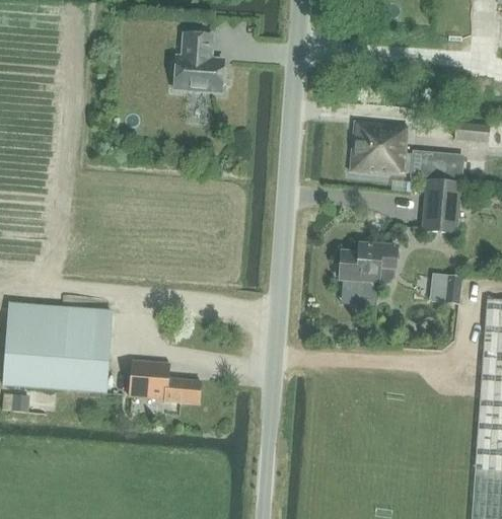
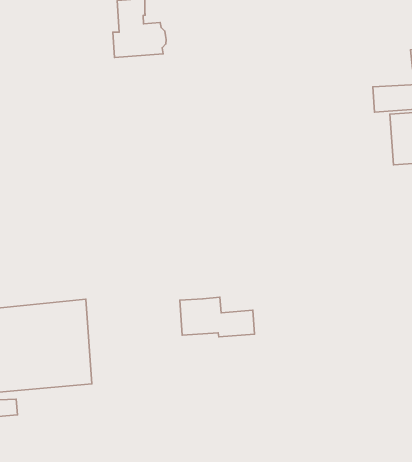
building: [351,117,409,175] -> none
building: [337,244,397,299] -> none
building: [128,359,199,402] -> [180,297,255,337]

